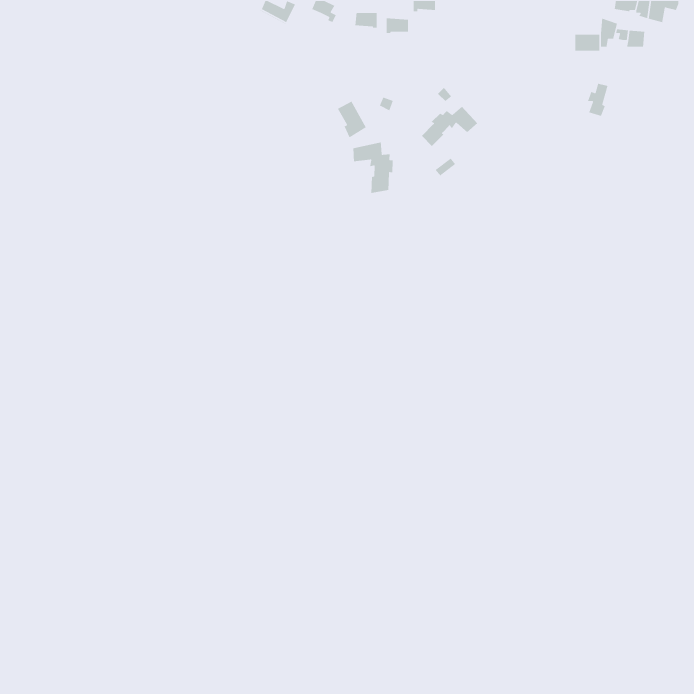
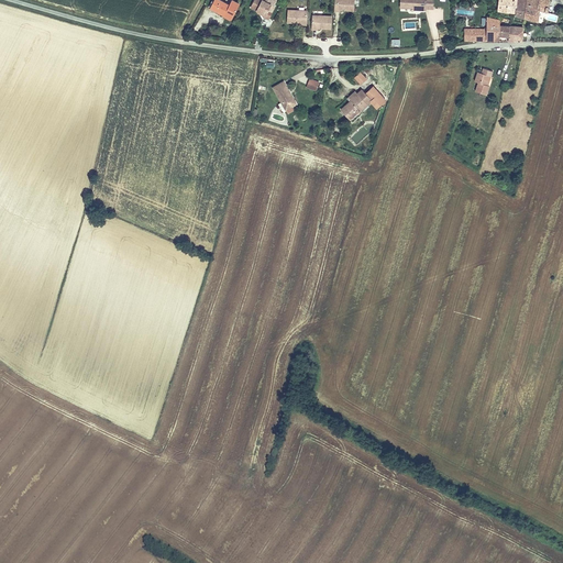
building: [353,142,394,194] -> none

